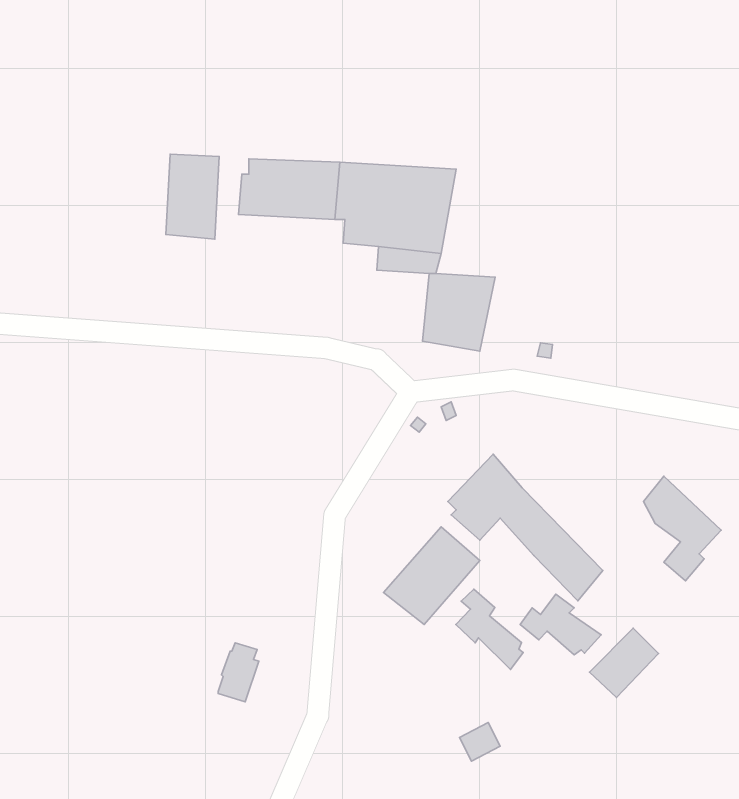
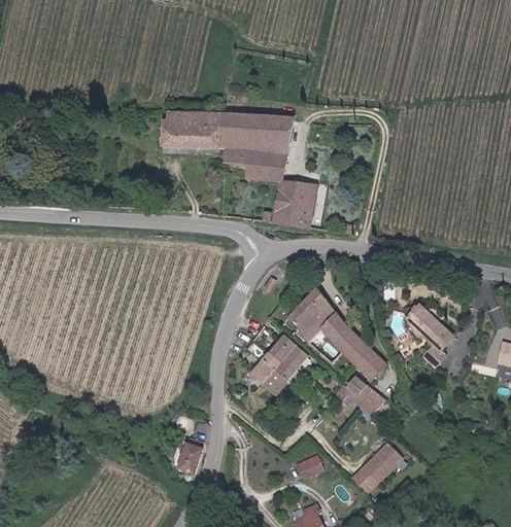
building: [166,154,219,239] -> none
building: [456,589,523,669] -> none
building: [589,628,659,697] -> [357,443,400,485]
building: [218,643,259,702] -> [176,438,201,475]

